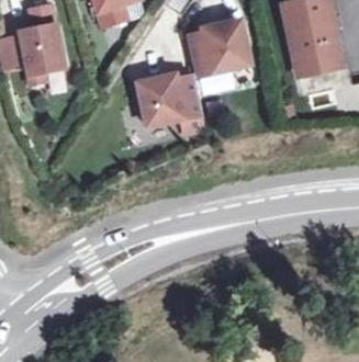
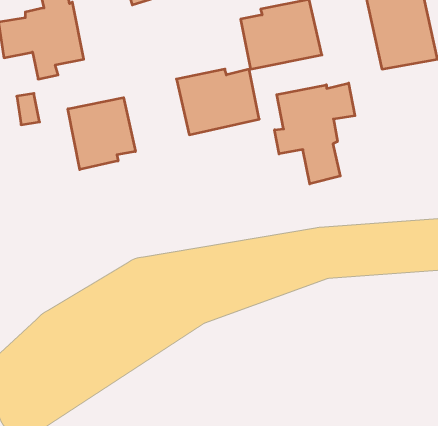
building: none -> [275,83,355,184]
building: none -> [68,98,135,170]

